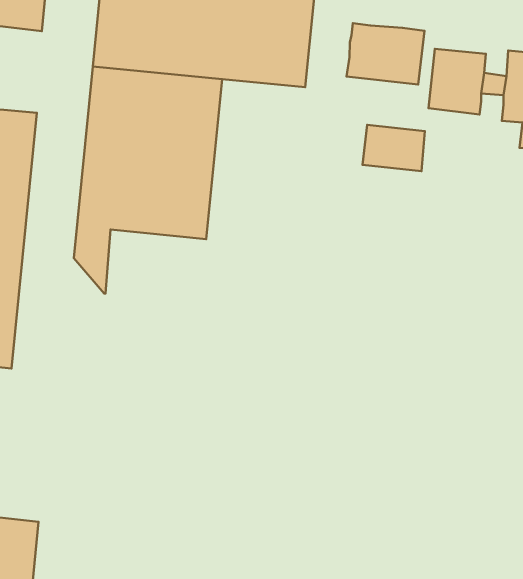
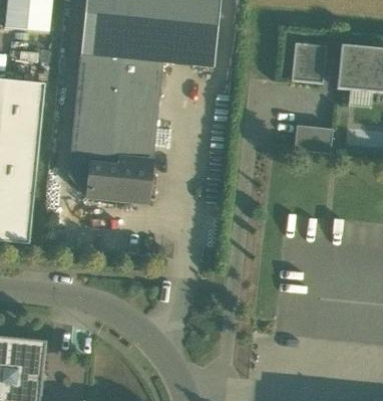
building: [347,23,424,84] -> none
building: [363,125,425,171] -> [293,125,332,154]
building: none -> [87,157,150,203]

